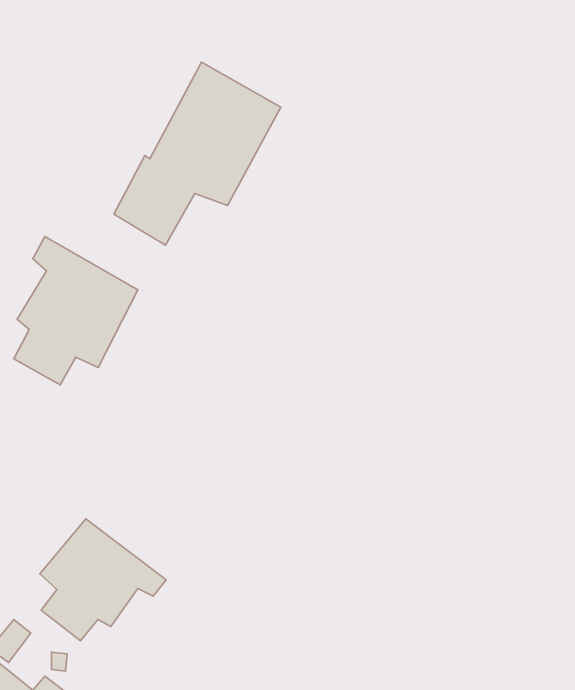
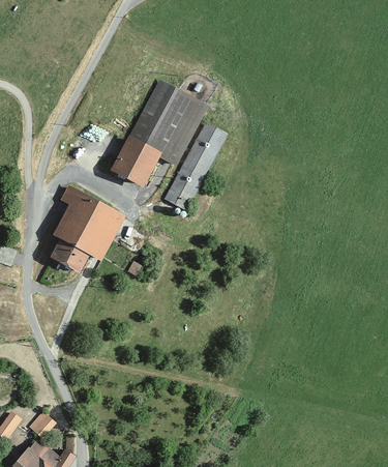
building: none -> [165,121,228,212]
building: [40,519,166,641] -> none

